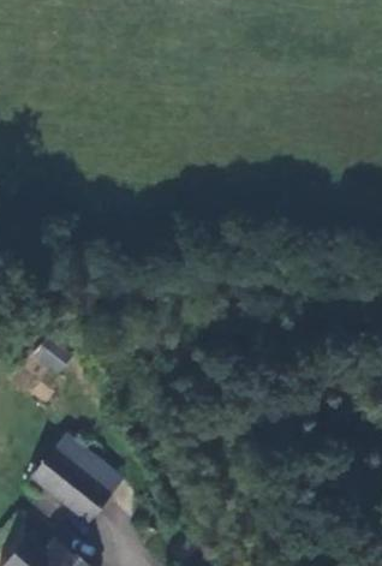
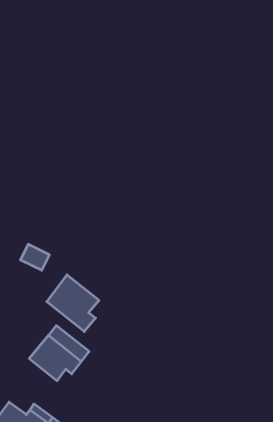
building: none -> [47,275,99,332]

